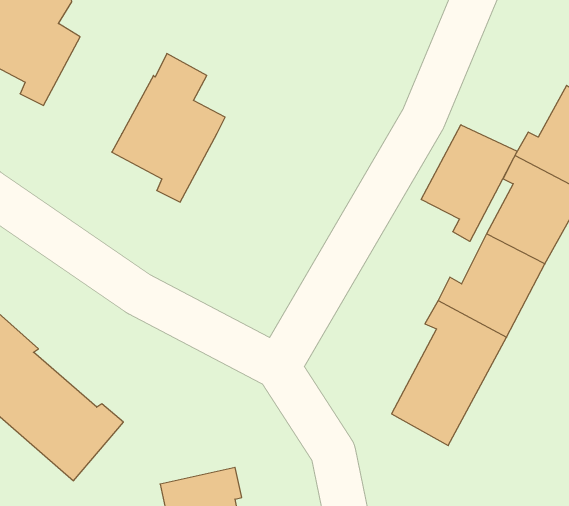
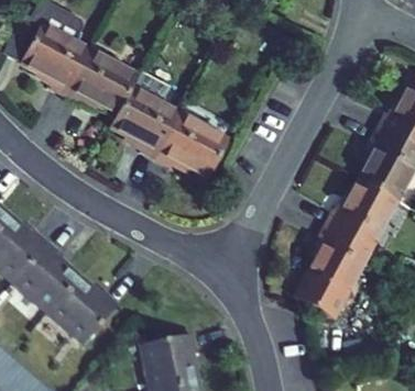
building: none -> [64,51,136,114]
building: [421,125,517,241] -> none
building: none -> [154,114,227,178]

